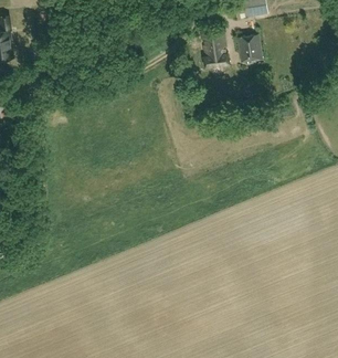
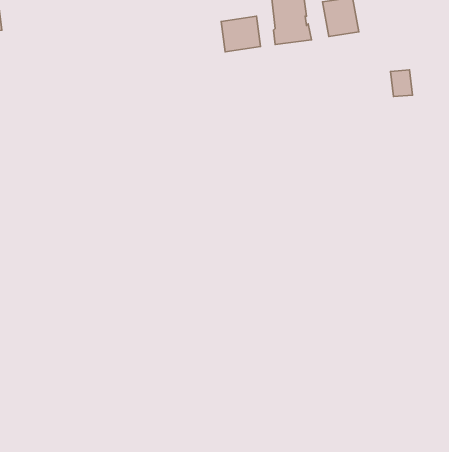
building: none -> [221,16,260,52]

